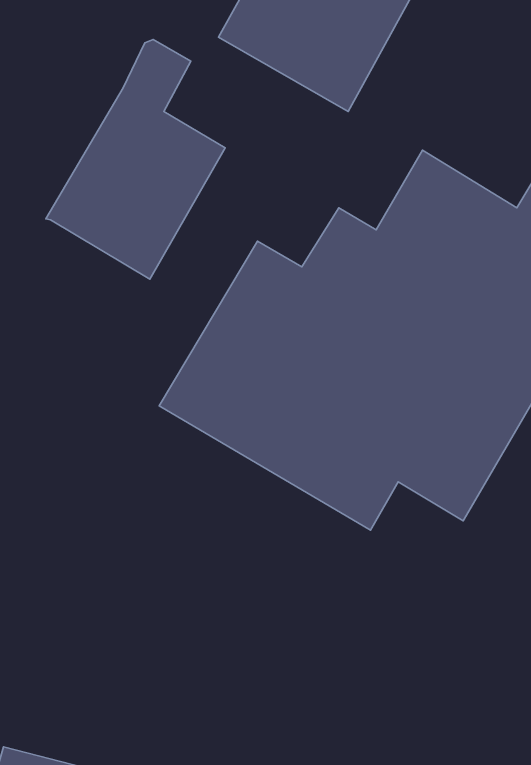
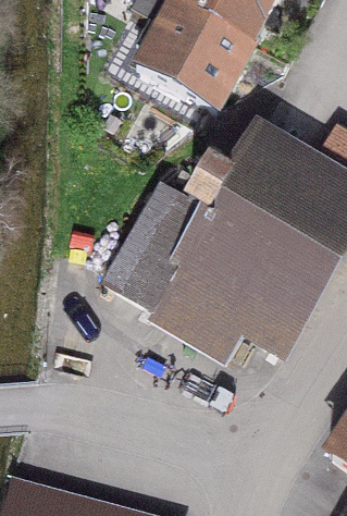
building: [46,39,225,279] -> none

